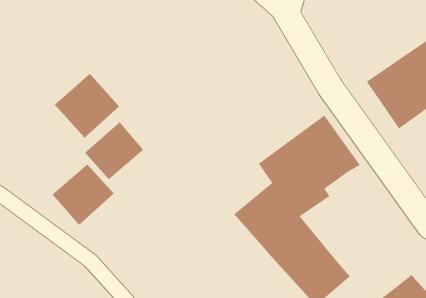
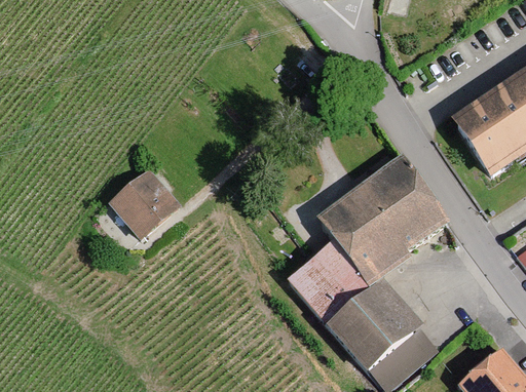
building: [54,73,120,138] -> none
building: [51,163,115,226] -> none

